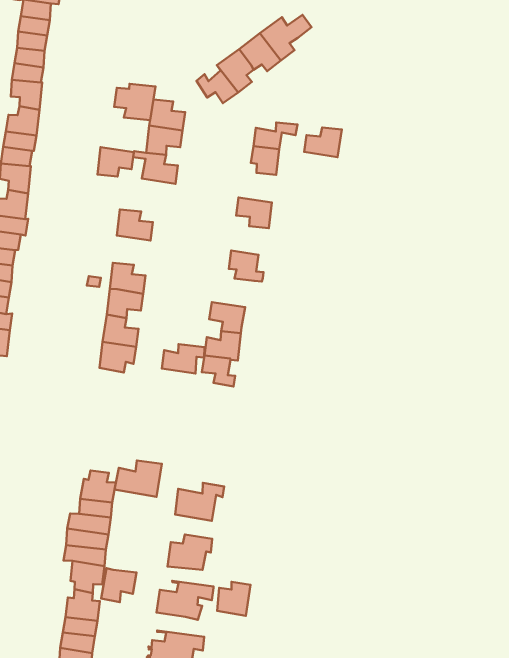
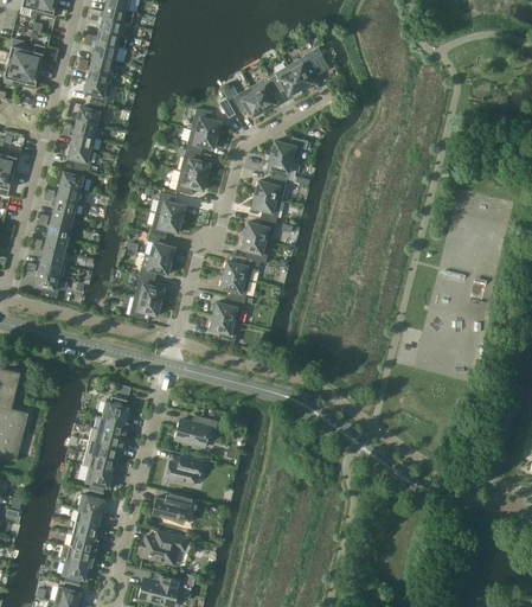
building: [114,84,156,120] -> none
building: [304,127,342,157] -> [255,175,287,200]
building: [98,147,134,177] -> [175,170,206,194]
building: none -> [244,217,276,242]
building: none -> [149,212,181,237]
building: [162,344,204,374] -> [224,256,259,281]
building: [115,460,162,497] -> none
building: [101,568,136,602] -> none
building: [217,582,251,616] -> none

